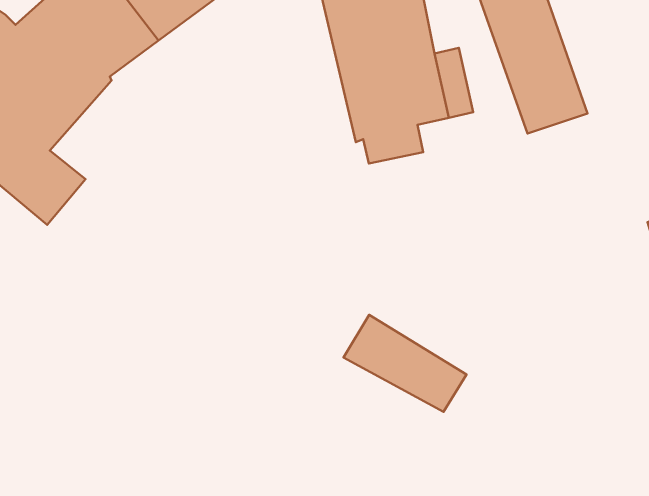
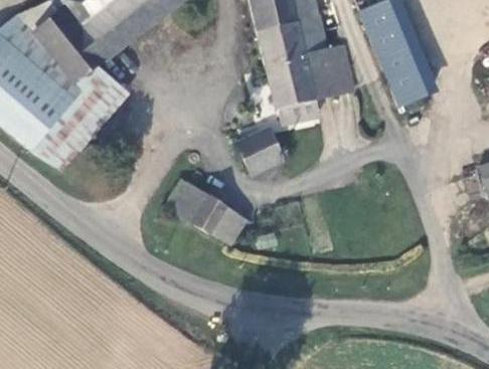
building: none -> [58,68,126,138]
building: none -> [236,127,287,176]
building: [343,315,466,412] -> [163,177,250,245]

